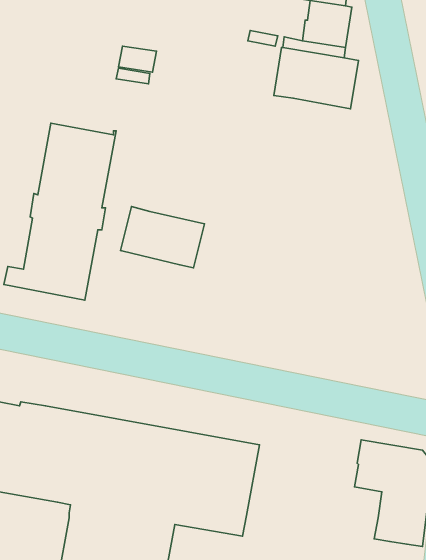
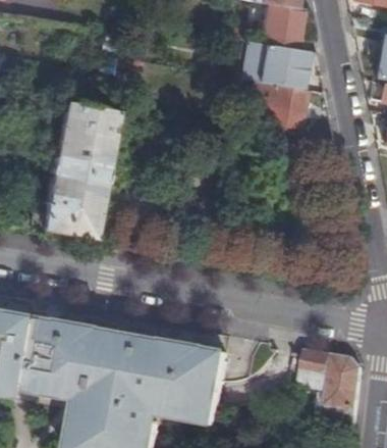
building: none -> [252,81,308,128]
building: [121,206,204,268] -> none

